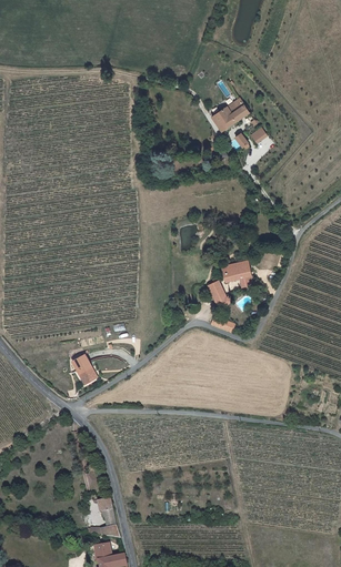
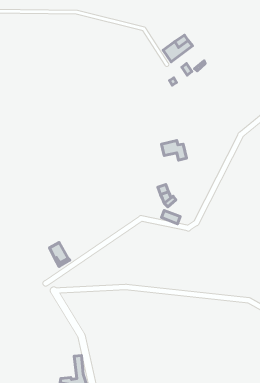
building: [219,265,250,290] -> [162,141,187,160]

